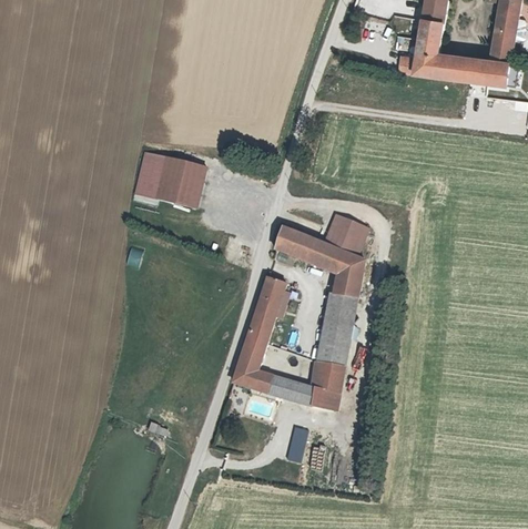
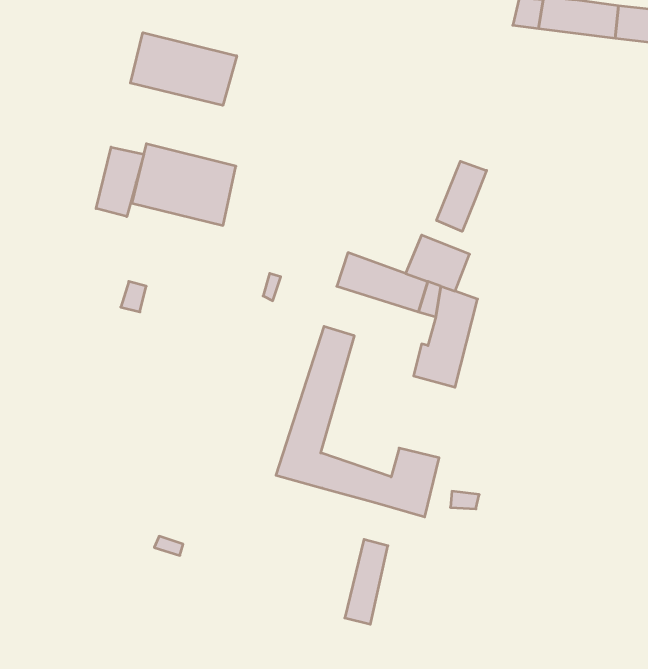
building: none -> [130,33,237,105]
building: none -> [96,147,144,217]
building: none -> [437,161,487,231]
building: [316,313,355,369] -> none

